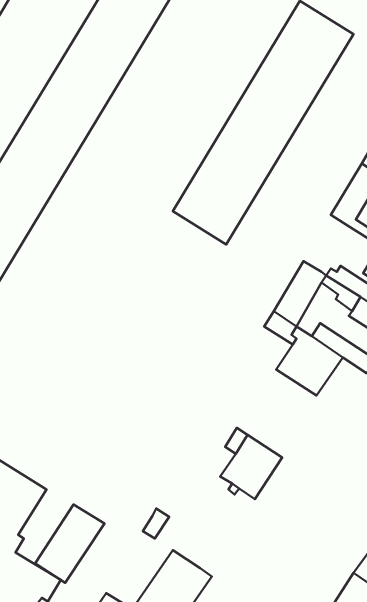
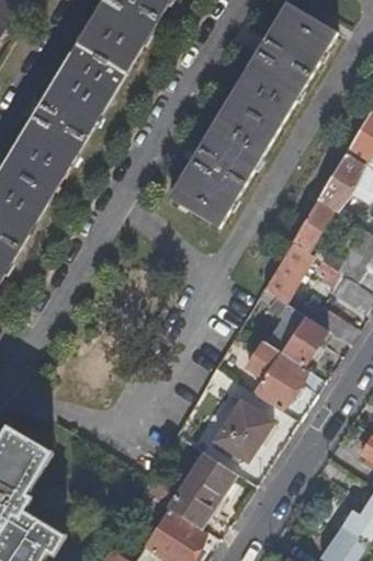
building: none -> [292,199,332,252]
building: none -> [247,340,309,411]
building: [36,504,105,583] -> [169,453,233,525]

